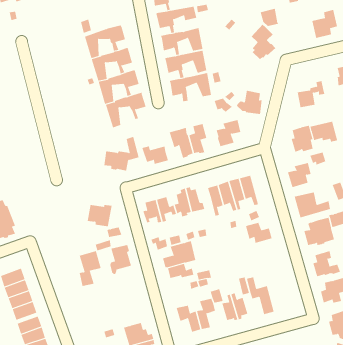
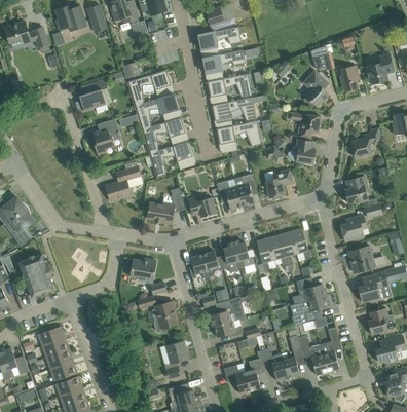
building: none -> [334,65,359,91]
building: none -> [79,79,107,113]
building: none -> [288,112,320,139]
building: none -> [92,119,120,159]
building: none -> [105,161,140,201]
building: [310,121,338,143] -> none
building: none -> [291,295,328,326]
building: [79,250,101,287] -> [164,340,188,378]
building: none -> [320,327,340,372]

